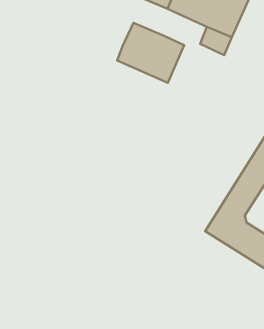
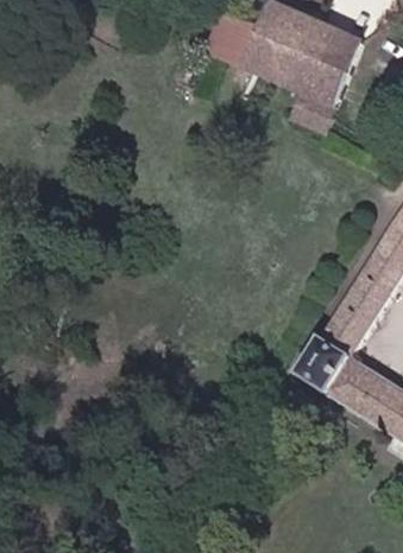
building: [117,23,184,83] -> none

